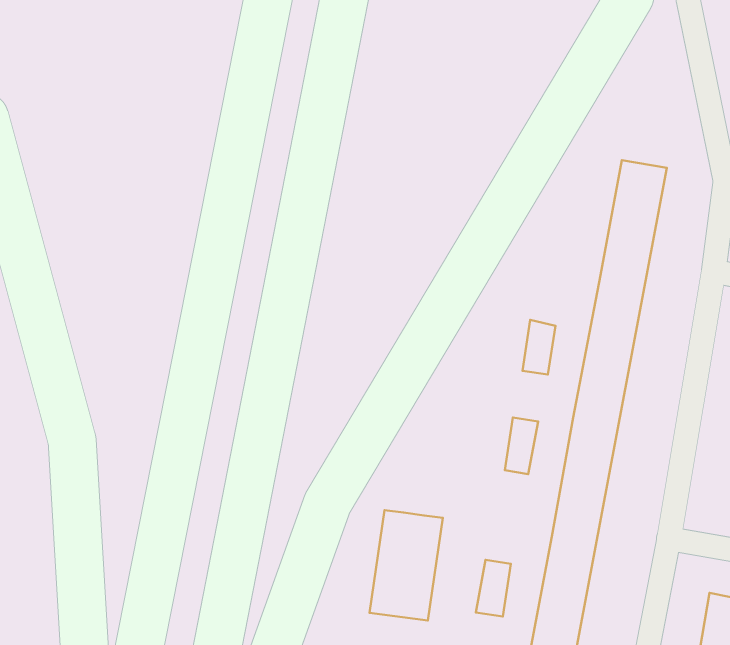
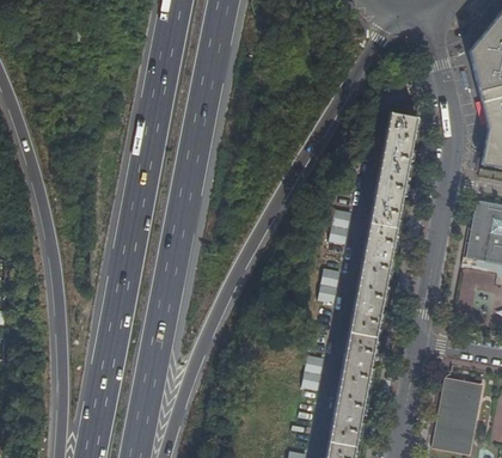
building: [369,510,443,620] -> none

